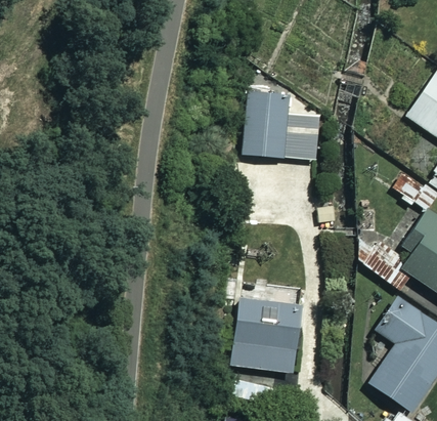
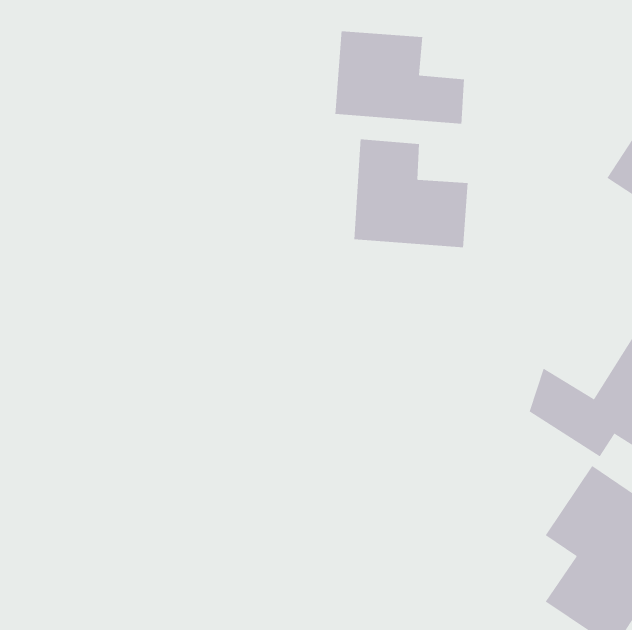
building: none -> [335,30,464,125]
building: [234,298,299,371] -> none

